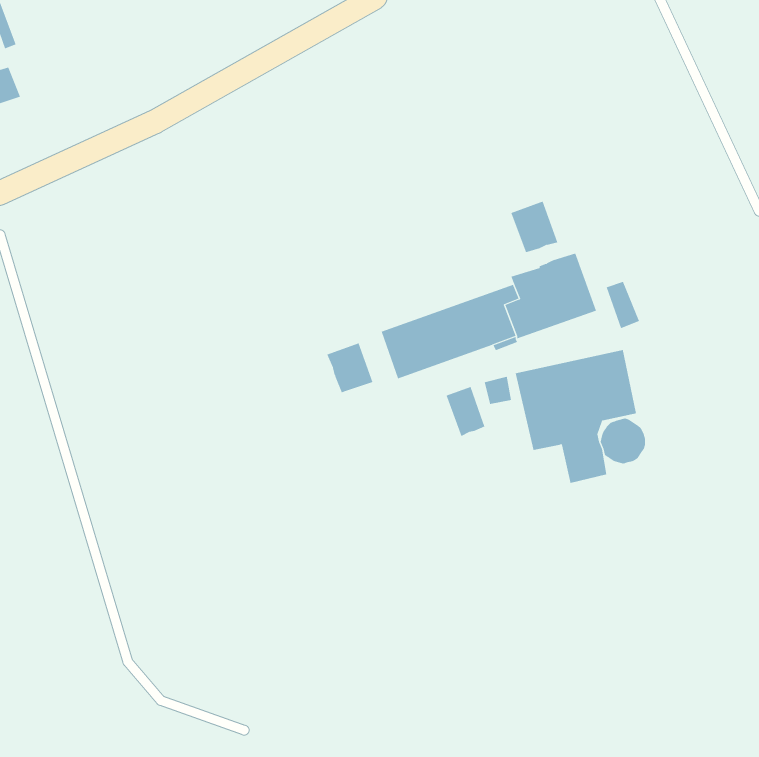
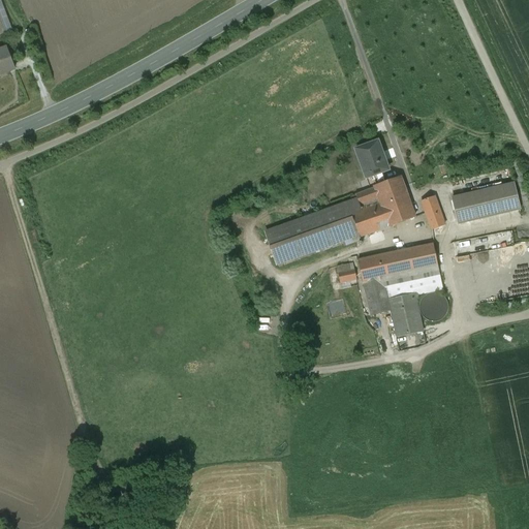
building: none -> [452,182,519,222]
building: [326,342,373,393] -> none
building: [446,386,485,437] -> none

